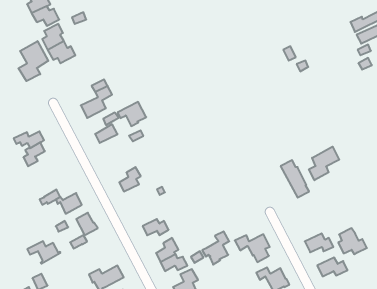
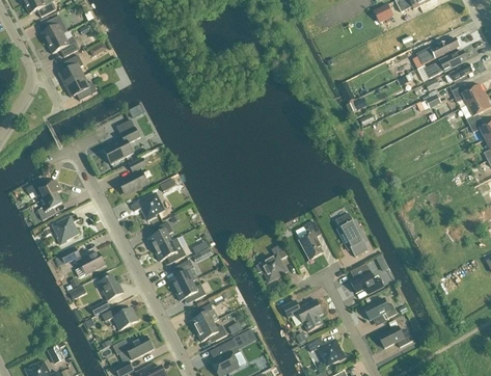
building: [18,41,48,81] -> none
building: [118,102,146,126] -> [132,192,165,220]
building: [309,147,339,180] -> none
building: none -> [53,213,79,244]
building: none -> [300,221,323,259]
building: none -> [154,238,187,262]
building: none -> [169,260,198,290]
building: [338,228,367,254] -> [350,264,383,294]
building: [202,231,229,265] -> [256,244,288,283]
building: [27,241,60,264] -> [102,305,140,331]

